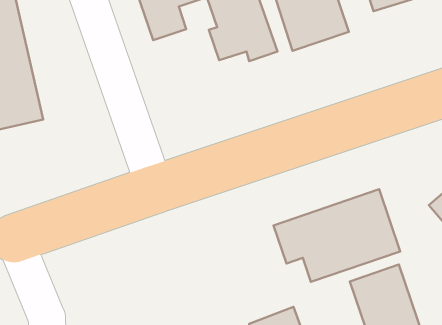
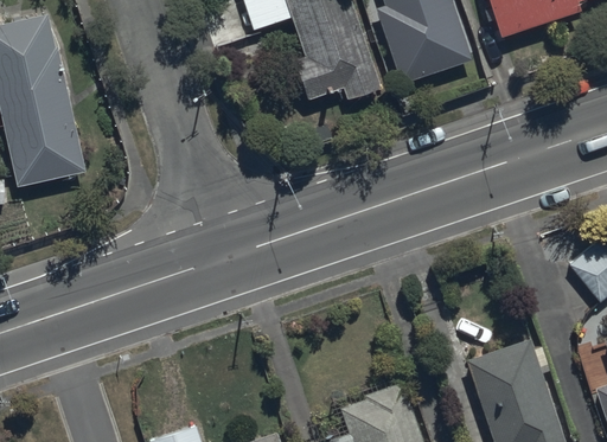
building: [273,189,400,282] -> none

